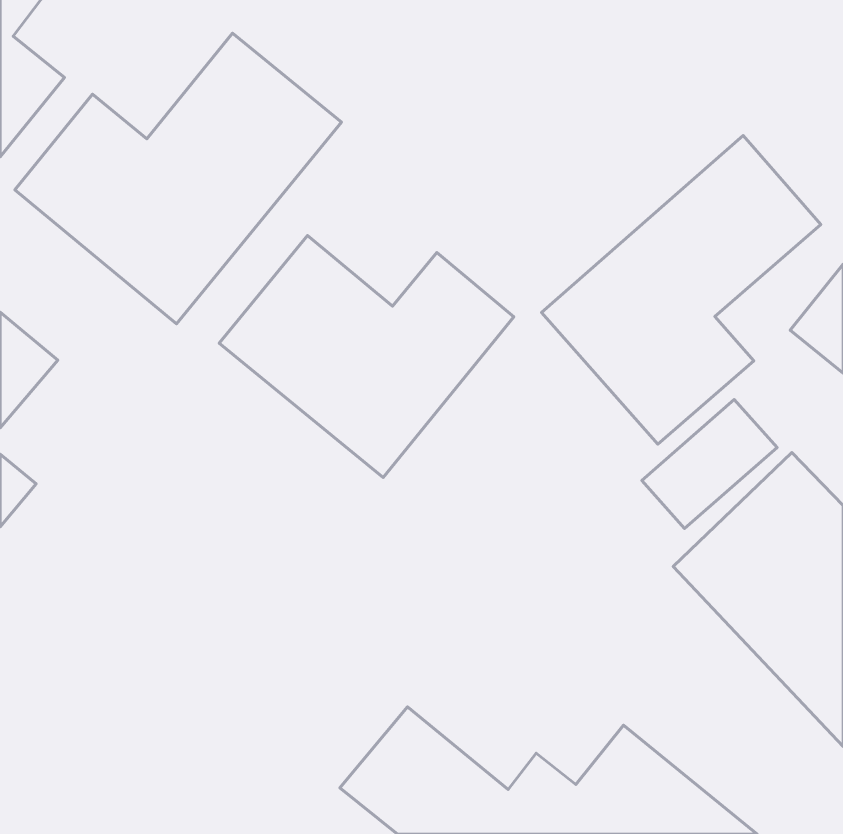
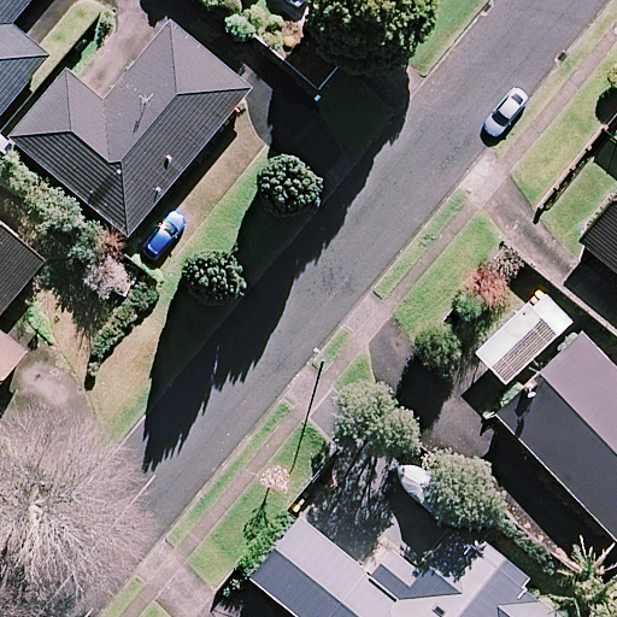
building: [541,135,821,444] -> none
building: [219,236,514,477] -> none

